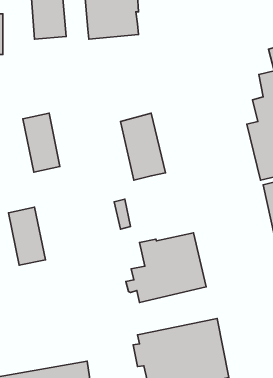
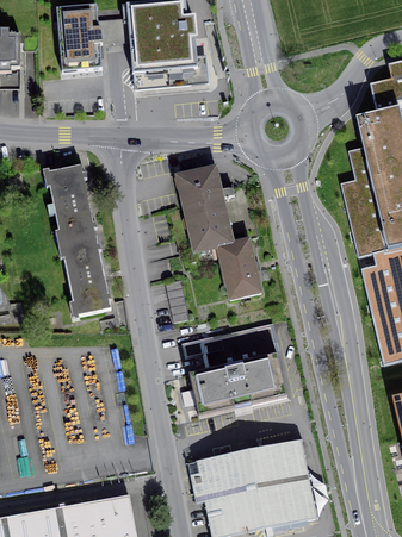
building: none -> [215,243,261,304]
building: [8,207,45,265] -> [60,238,109,314]

